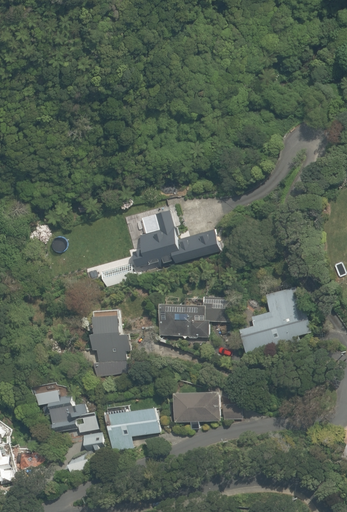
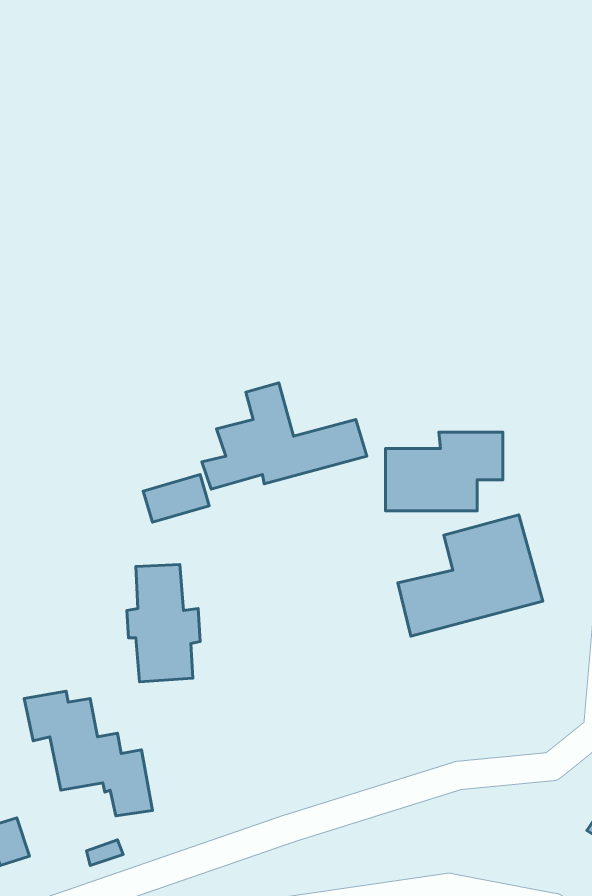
building: [159,297,223,340] -> [386,432,503,511]
building: [174,392,242,423] -> none
building: [106,405,159,451] -> none

